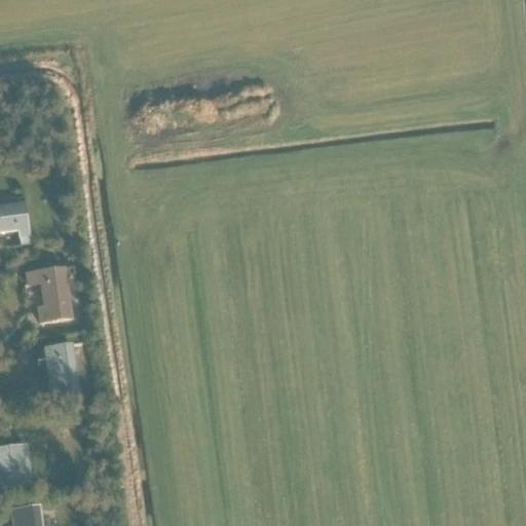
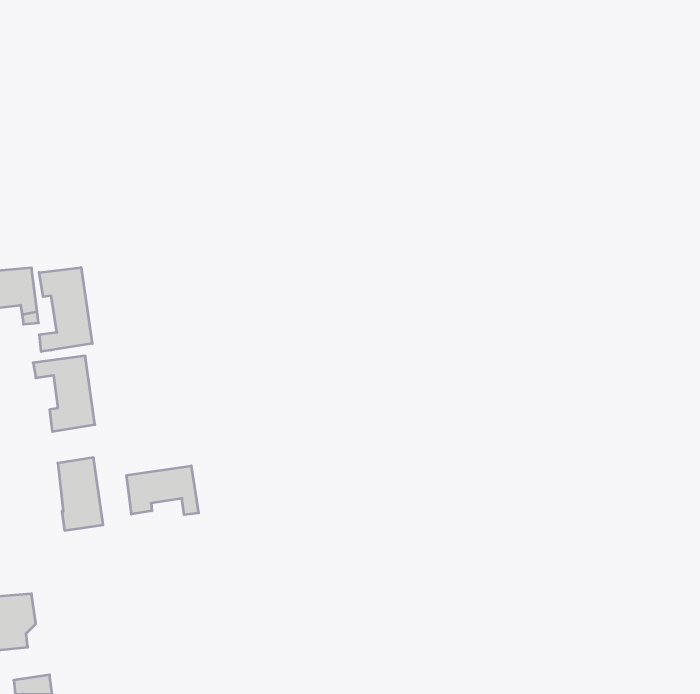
building: none -> [39,267,92,352]
building: none -> [127,466,199,515]

